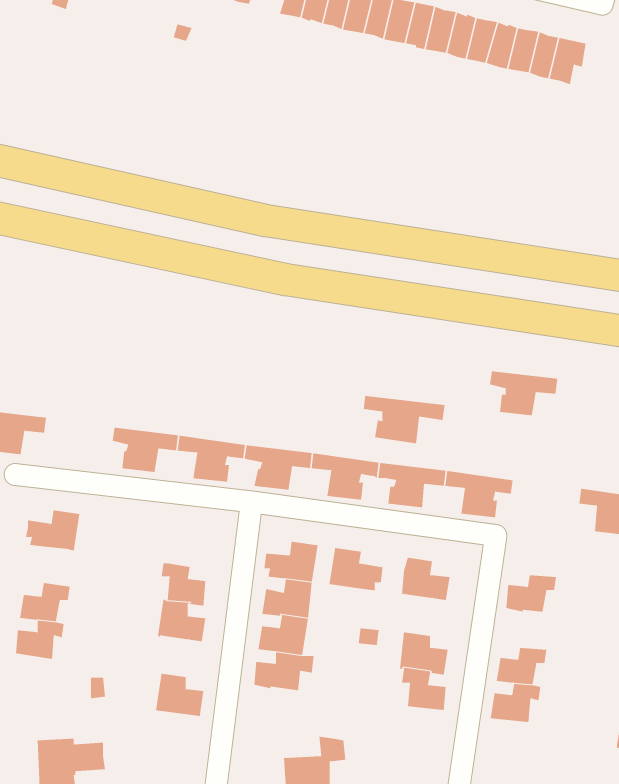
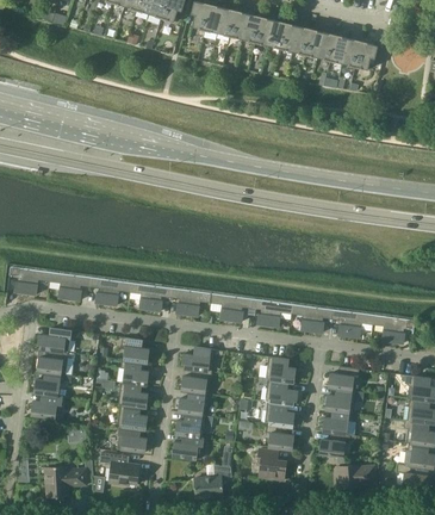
building: [489,371,558,416] -> [333,310,374,337]
building: [363,395,445,444] -> none
building: none -> [50,272,92,300]
building: none -> [122,337,149,364]
building: none -> [38,350,68,374]
building: [328,548,384,591] -> [265,379,298,405]
building: none -> [325,389,356,412]
building: none -> [118,404,148,430]
building: none -> [173,435,204,460]
building: none -> [257,449,286,480]
building: none -> [100,453,139,485]
building: none -> [337,465,375,488]

